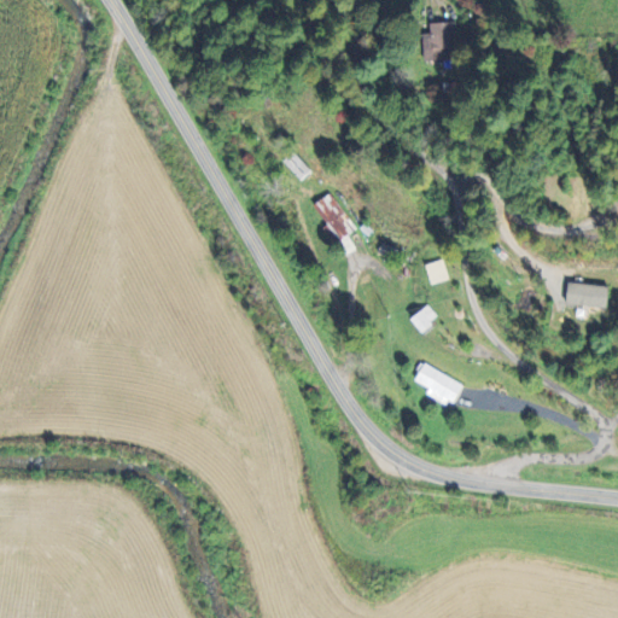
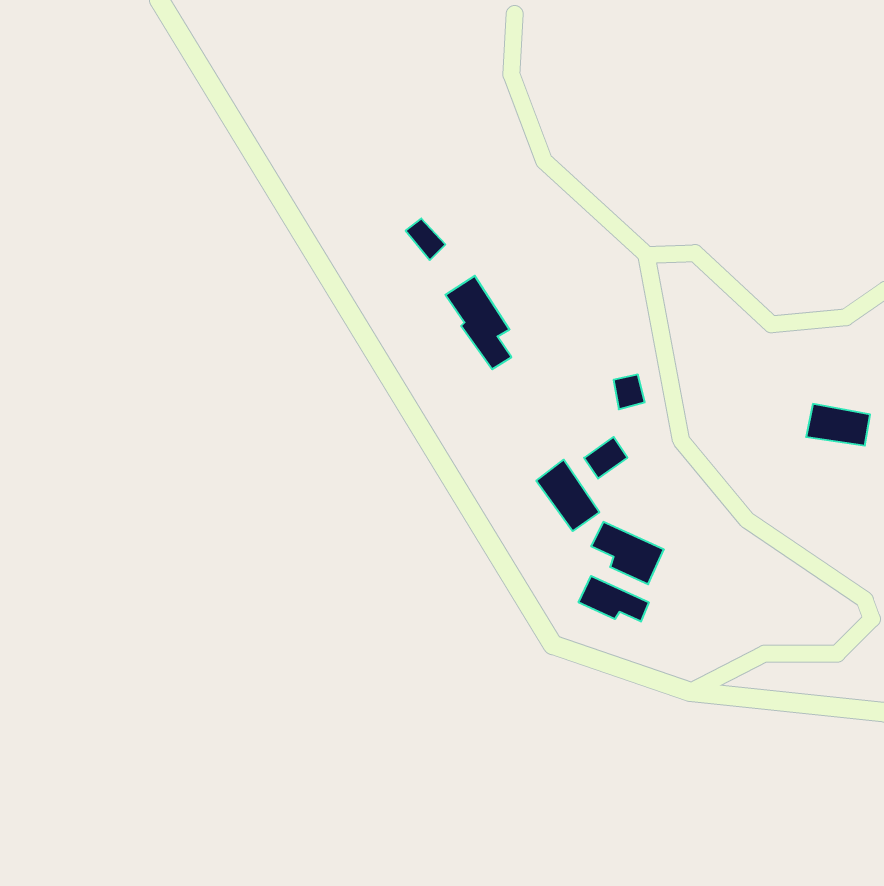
building: [421,22,456,62] -> none
building: none -> [536,460,599,531]
building: none -> [579,576,649,622]

